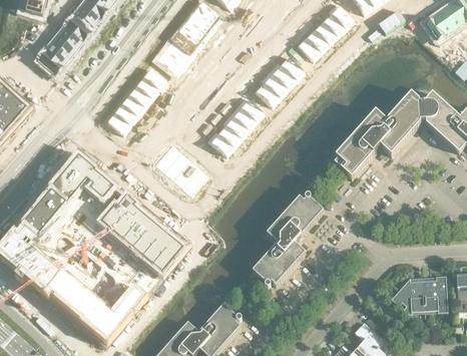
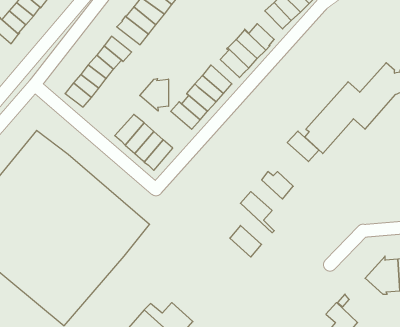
building: none -> [140,79,169,111]
building: [283,204,313,233] -> [287,131,319,162]
building: [267,226,303,265] -> none
building: [252,259,283,285] -> none
building: [207,303,241,338] -> none

